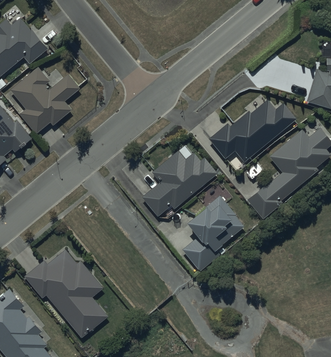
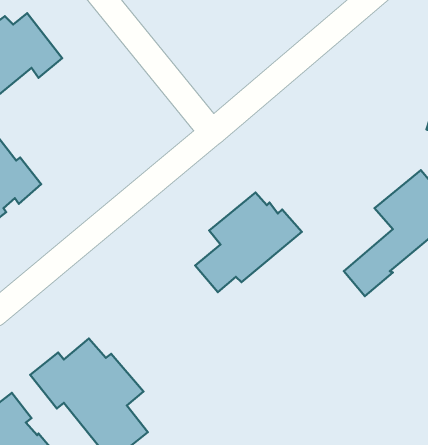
building: [10,67,80,133] -> none
building: [209,99,296,162] -> none
building: [182,196,244,272] -> none

